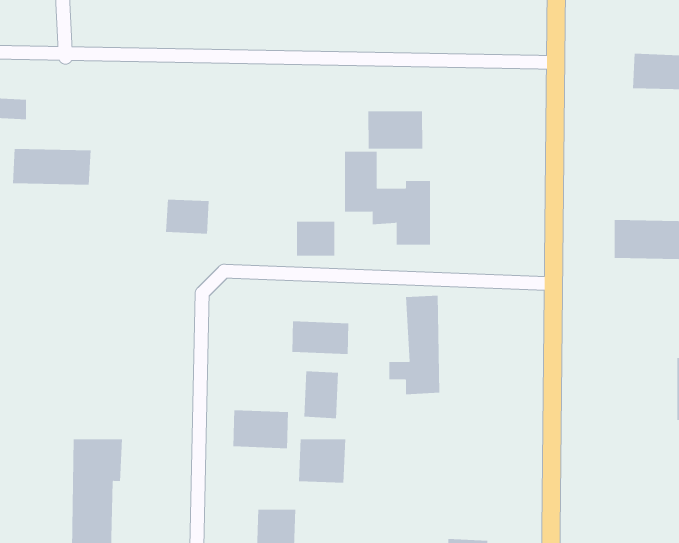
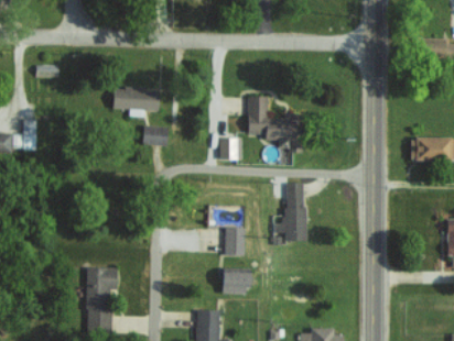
building: [368,110,423,150] -> none
building: [12,148,91,185] -> [112,88,160,110]
building: [292,321,349,355] -> none
building: [233,409,289,449] -> none

